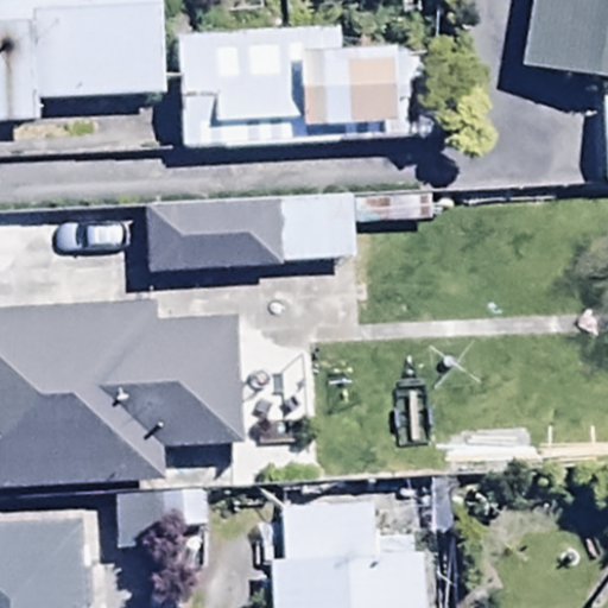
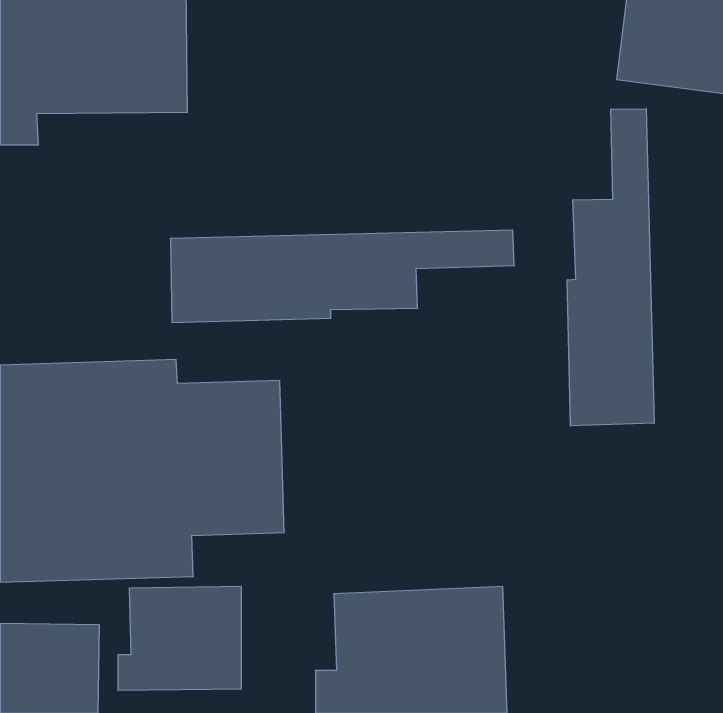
building: [177,25,406,145] -> none
building: none -> [567,109,654,426]

